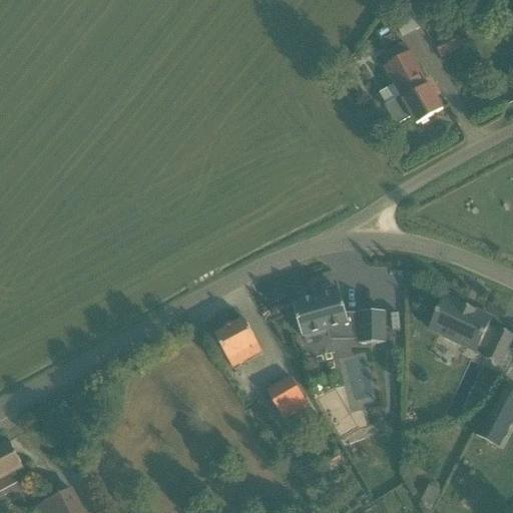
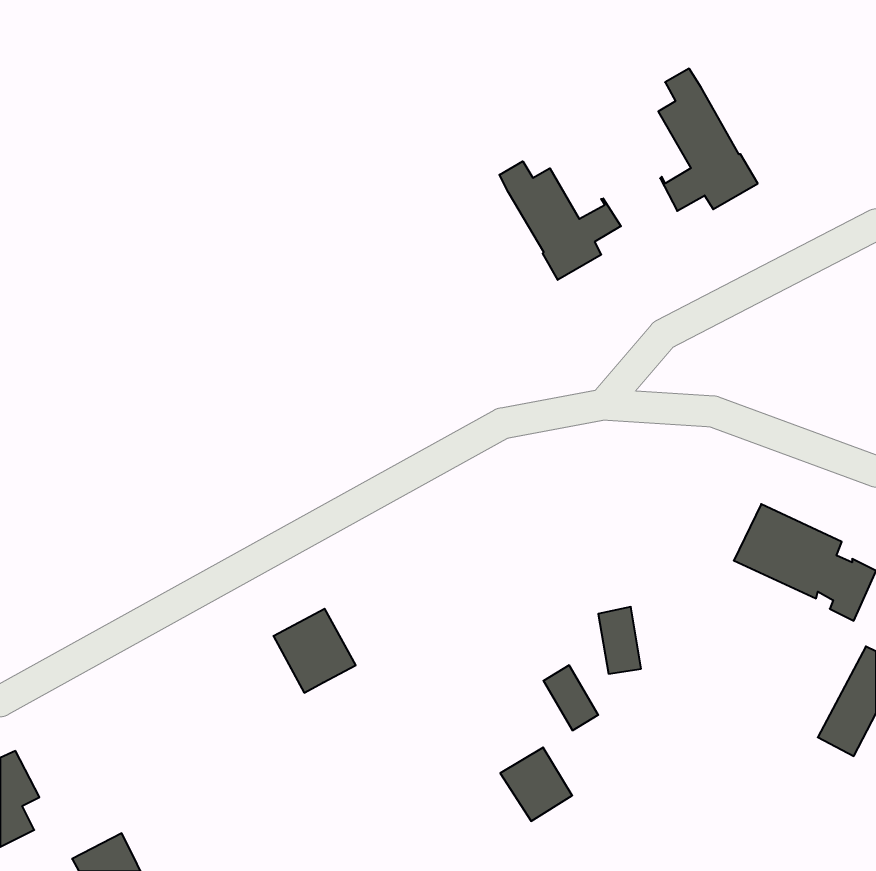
building: none -> [499,161,621,280]
building: [293,289,386,342] -> none
building: [214,317,263,366] -> [273,609,356,693]
building: [267,376,309,419] -> [500,747,572,821]

